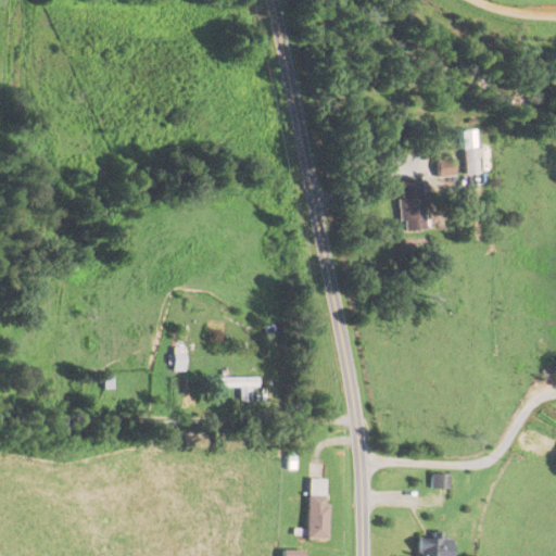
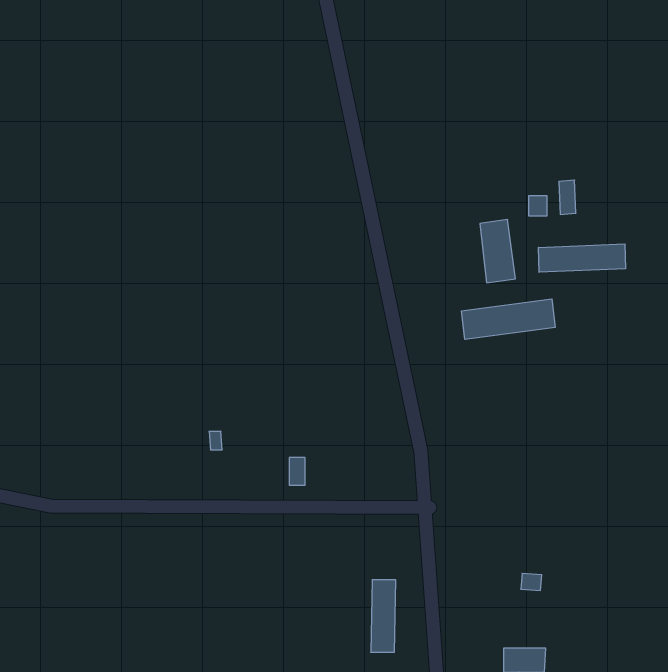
building: none -> [539,244,625,272]
building: none -> [462,299,555,339]

